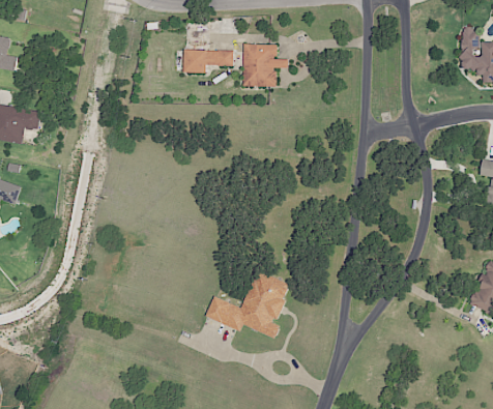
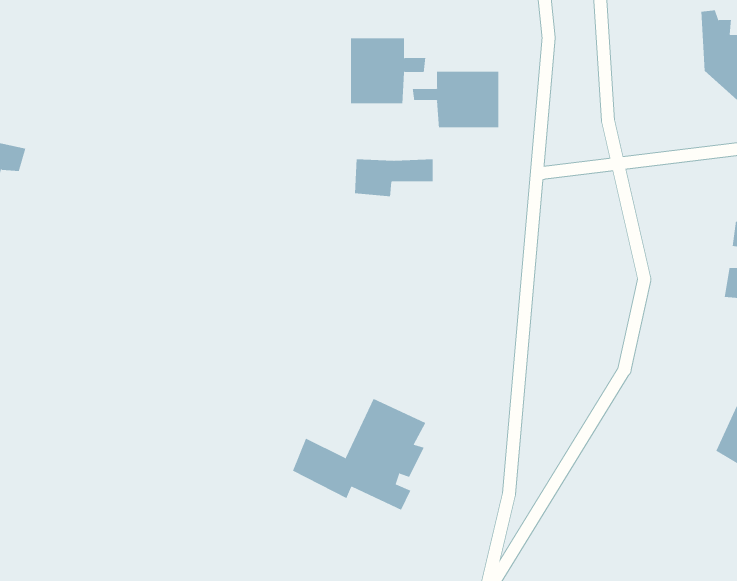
building: [183,49,233,72] -> [354,159,434,197]
building: none -> [412,71,499,128]

